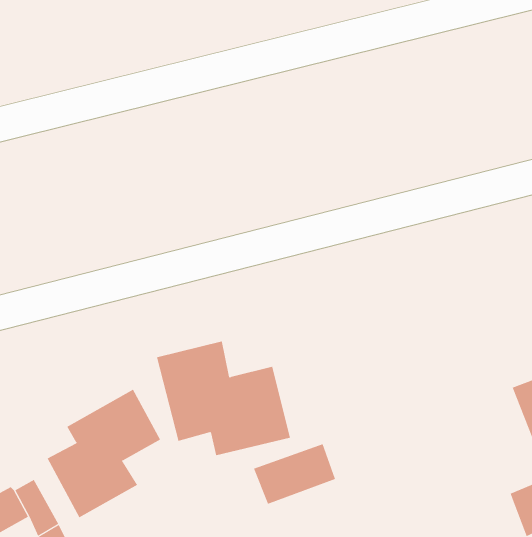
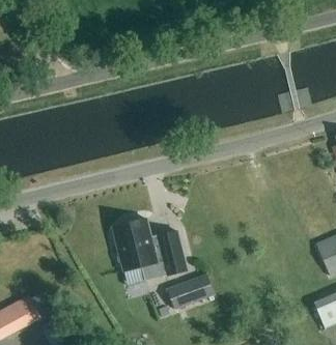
building: [47,389,161,518] -> none

